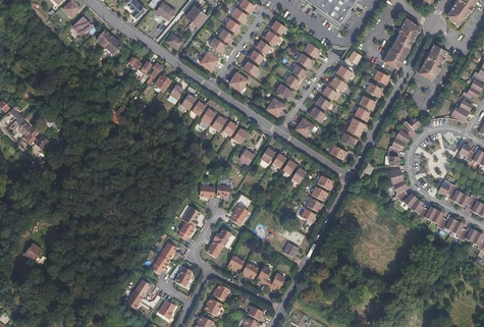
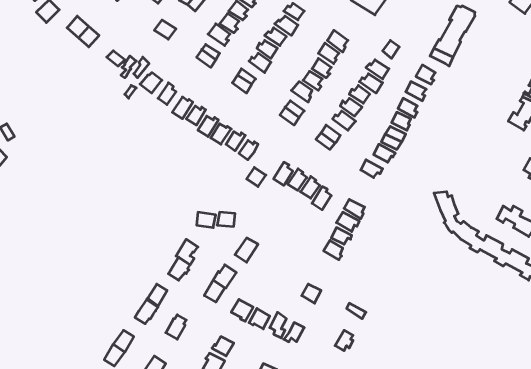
building: [419,44,447,78] -> none
building: [386,116,420,165] -> none

